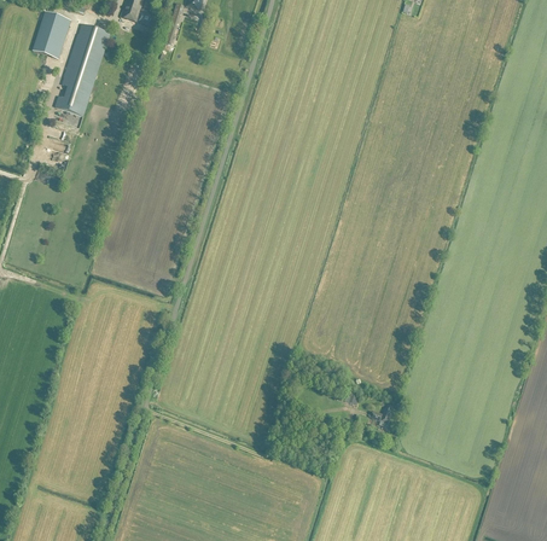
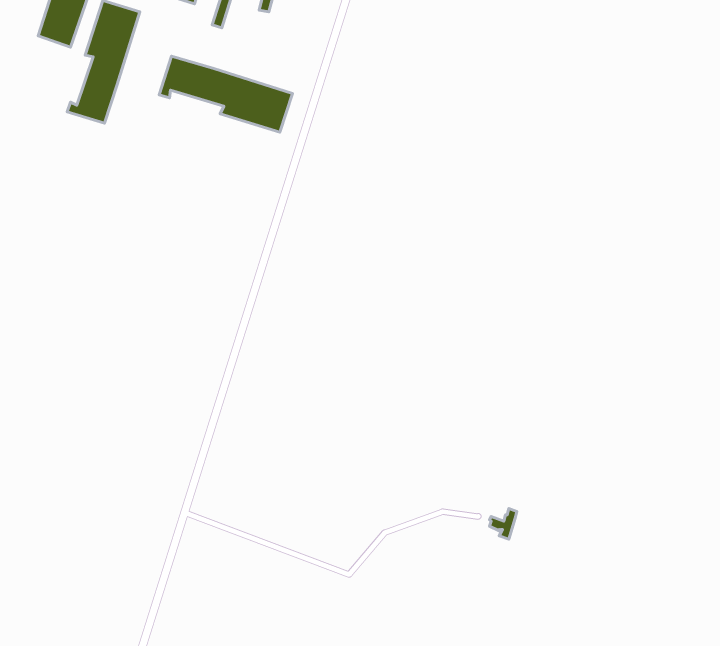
building: none -> [159,56,293,132]

